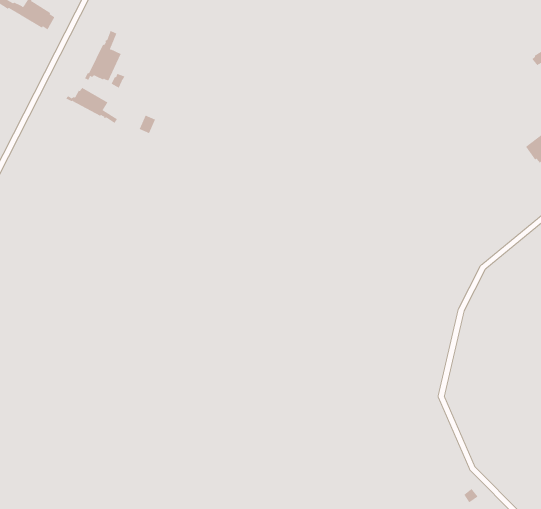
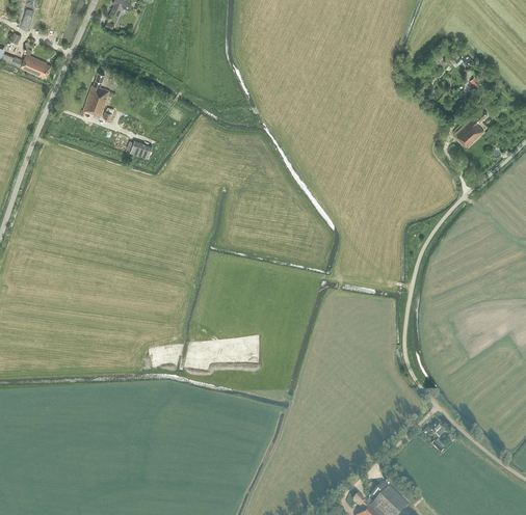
building: [66,87,118,124] -> none

